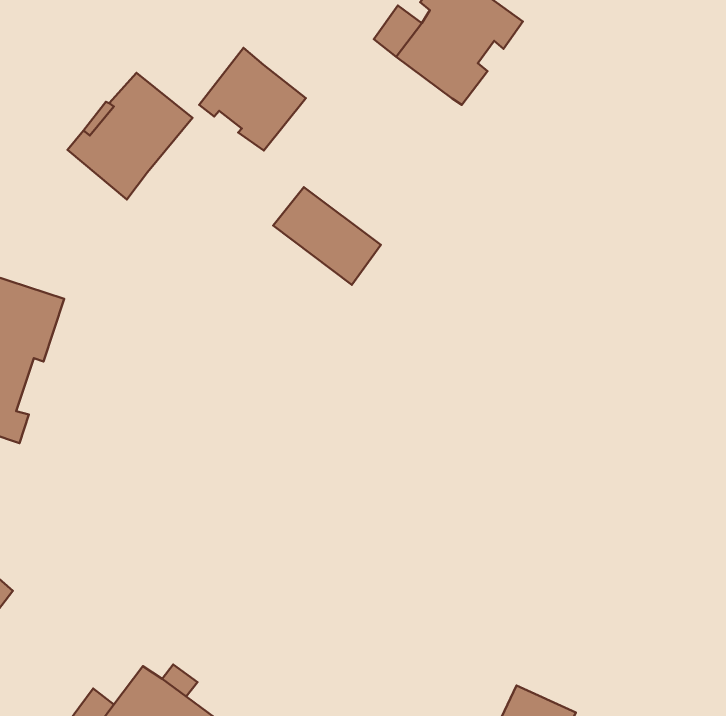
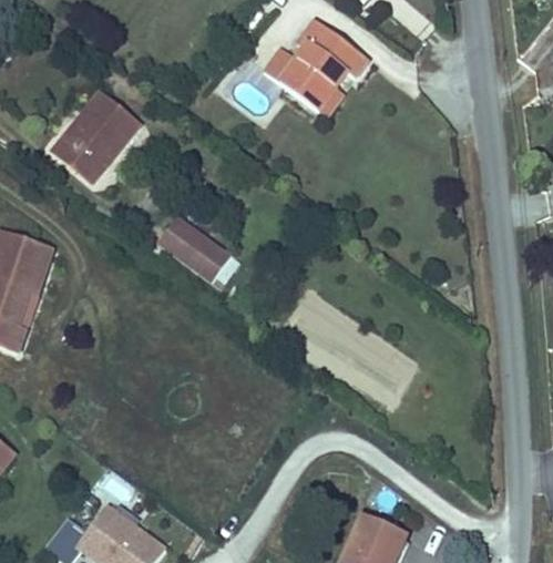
building: [199,48,306,150] -> none
building: [273,187,381,285] -> [157,215,232,283]

